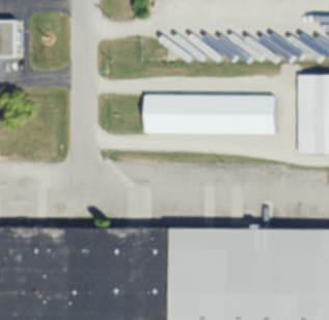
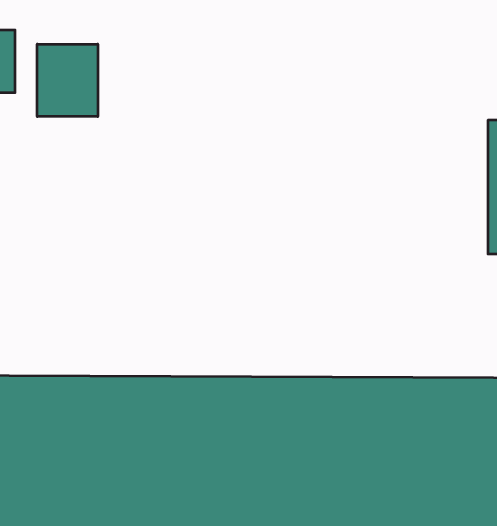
building: none -> [37,44,98,117]
building: [142,96,273,134] -> none

